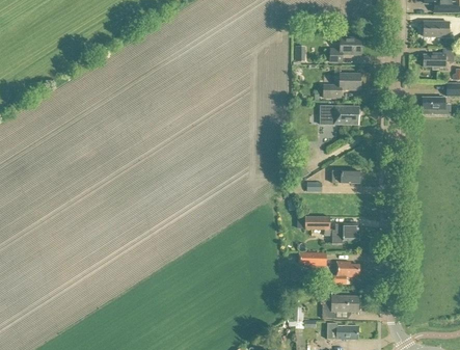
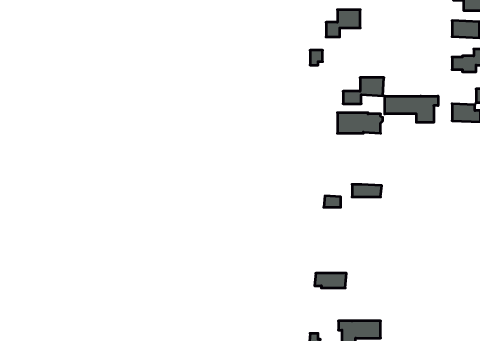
building: [330,36,361,61] -> [326,10,360,37]
building: none -> [385,96,438,122]
building: [304,215,359,243] -> none
building: [331,261,359,282] -> none

